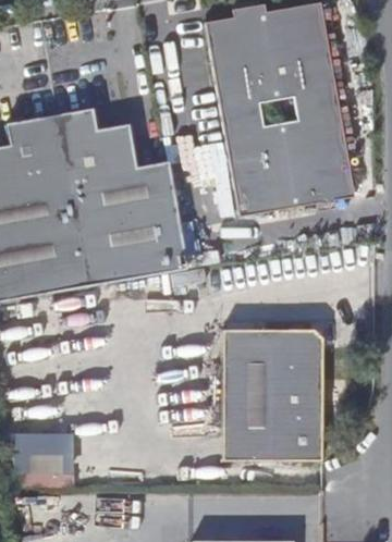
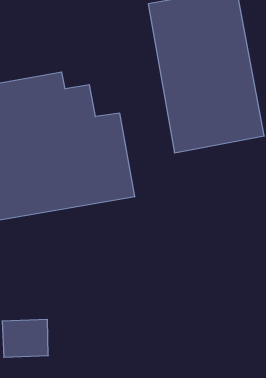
building: [222,331,320,461] -> none

